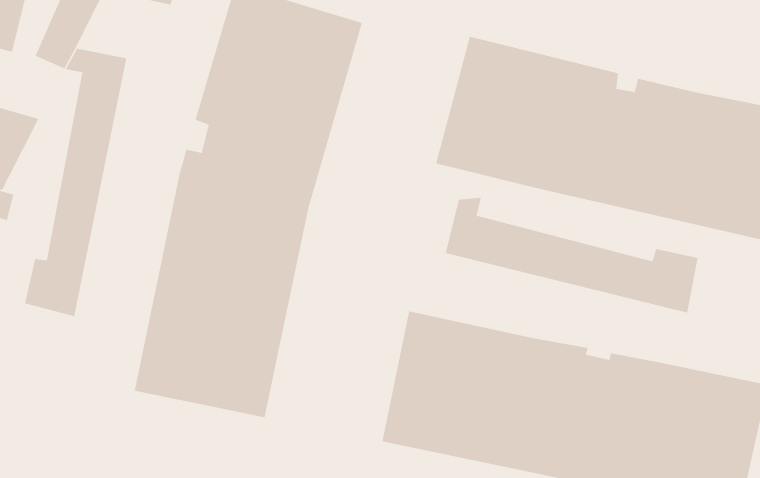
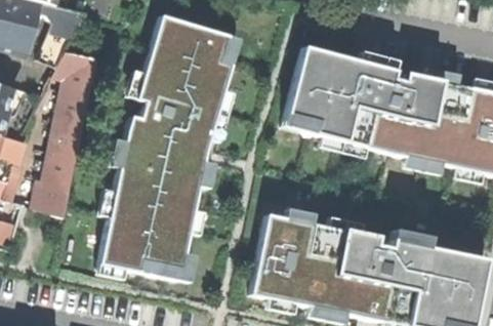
building: [445,197,698,314] -> none

